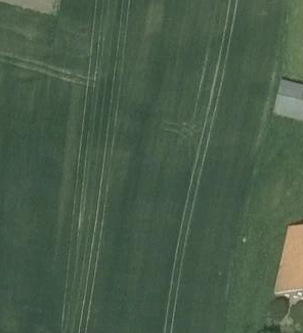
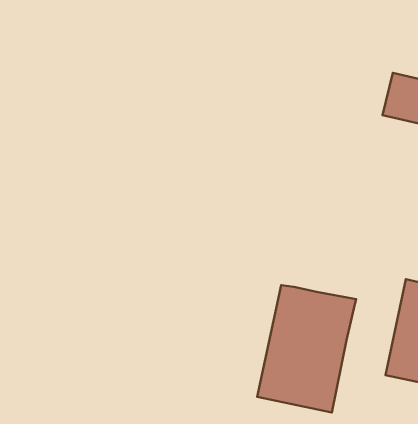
building: none -> [257,285,356,413]

